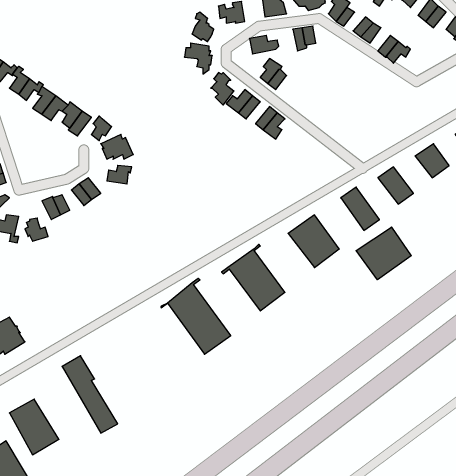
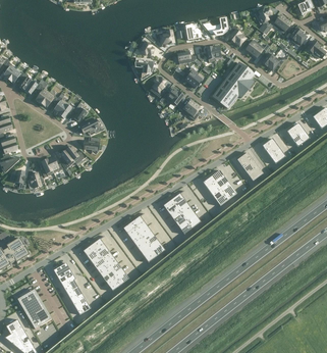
building: none -> [212,62,253,107]
building: [356,227,411,280] -> none
building: none -> [78,238,128,290]

